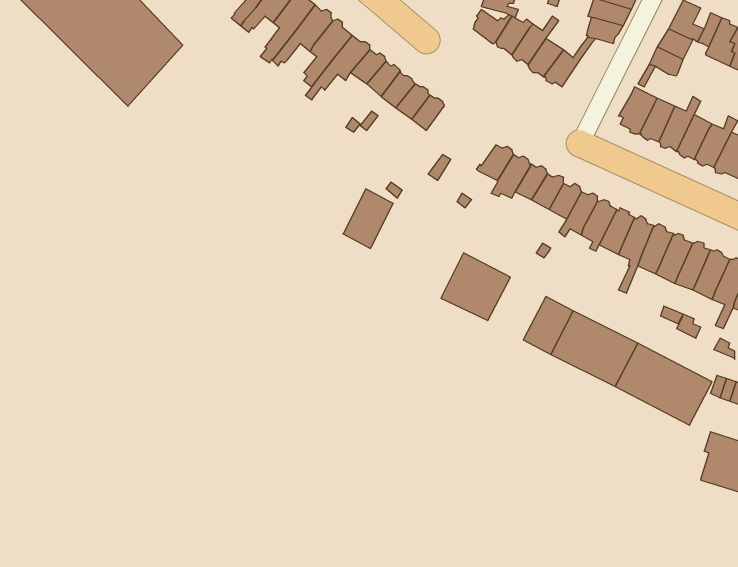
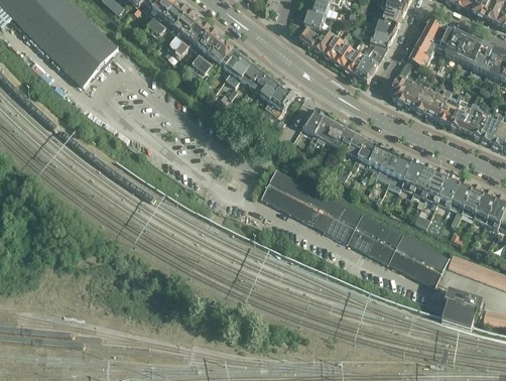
building: none -> [354,44,386,83]
building: none -> [268,87,293,117]
building: [343,189,393,248] -> [261,169,292,207]
building: none -> [307,194,344,233]

